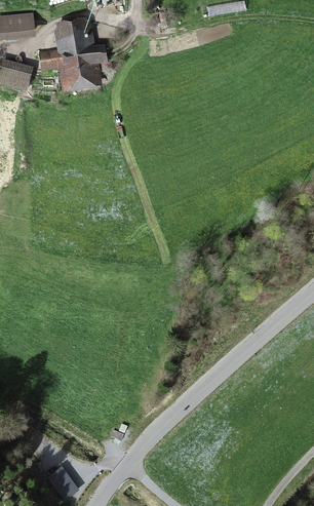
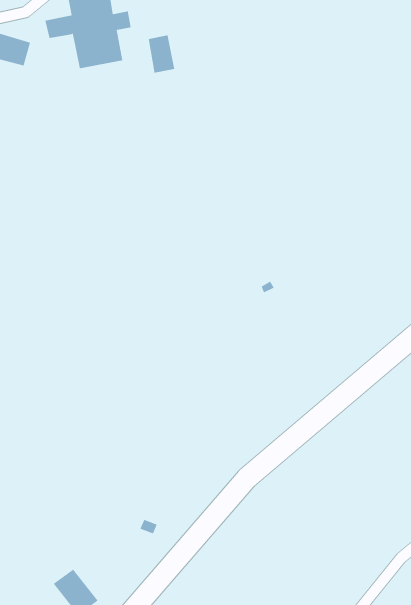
building: none -> [148,35,175,73]

